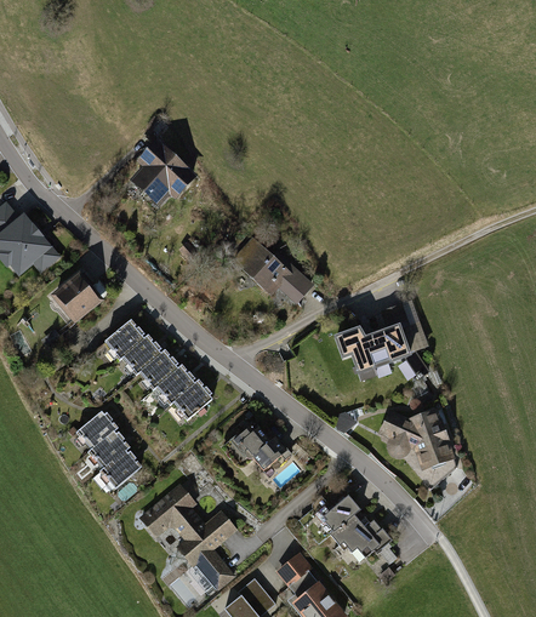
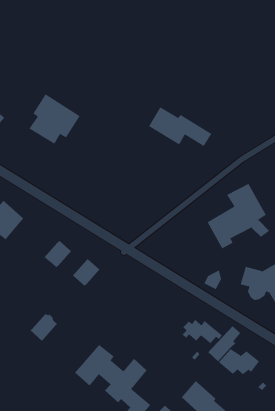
building: [229,238,313,301] -> [148,106,212,147]
building: [104,322,142,359] -> none
building: [139,352,177,388] -> none
building: [173,382,211,418] -> none
building: [75,412,114,450] -> none
building: [236,427,291,463] -> [182,319,223,344]
building: [99,450,139,487] -> none

